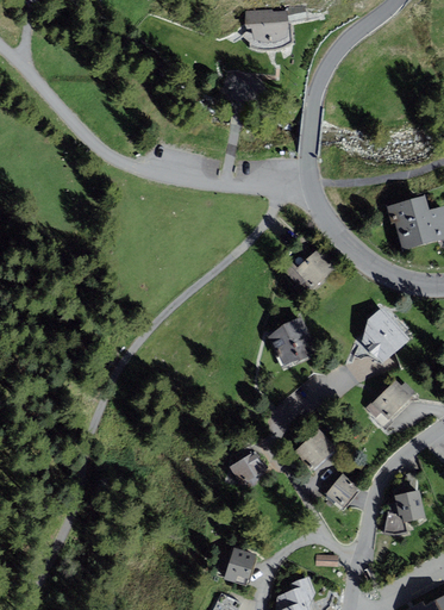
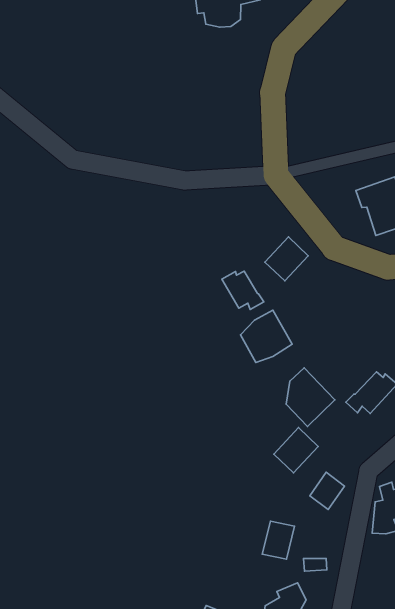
building: none -> [222,271,264,309]
building: [363,307,409,363] -> [286,368,335,427]
building: [232,444,267,484] -> none
building: [224,548,256,585] -> [262,521,294,559]

